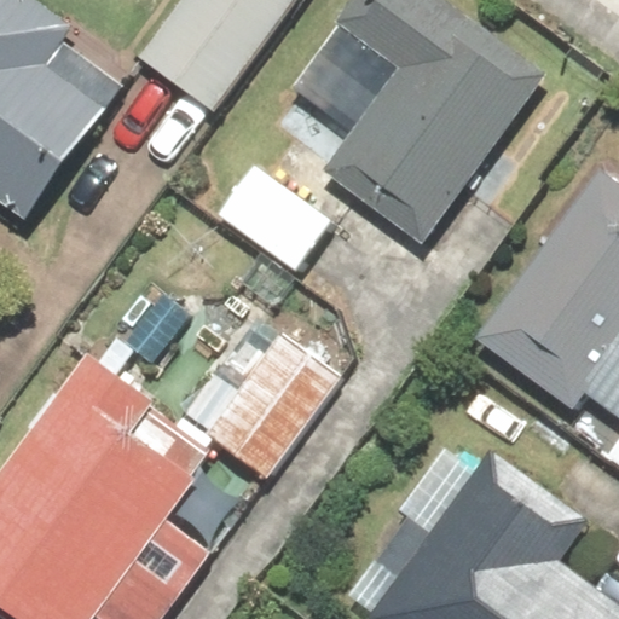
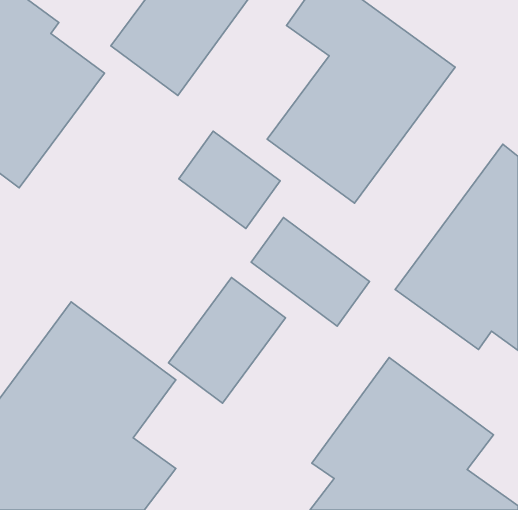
building: none -> [251,217,370,326]

